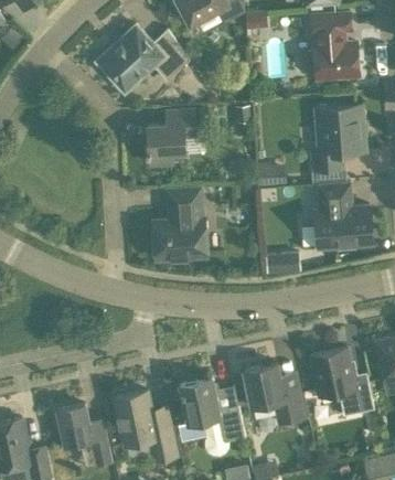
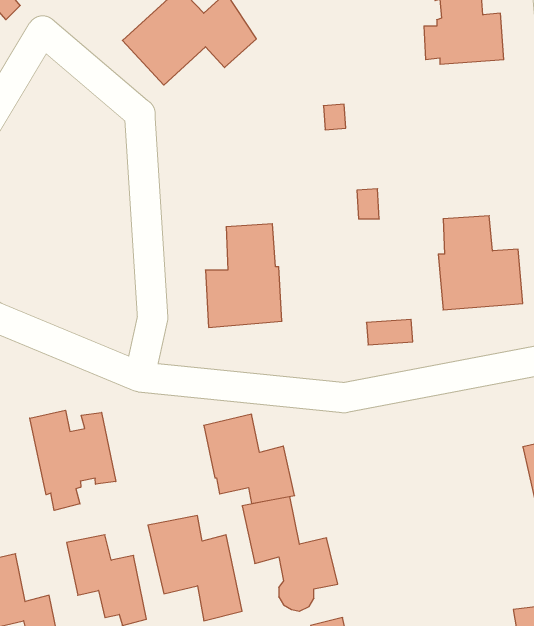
building: [311,105,365,171] -> none
building: [147,109,195,166] -> none
building: none -> [30,410,116,510]
building: [310,349,374,416] -> none
building: [244,363,307,425] -> [204,414,295,503]

